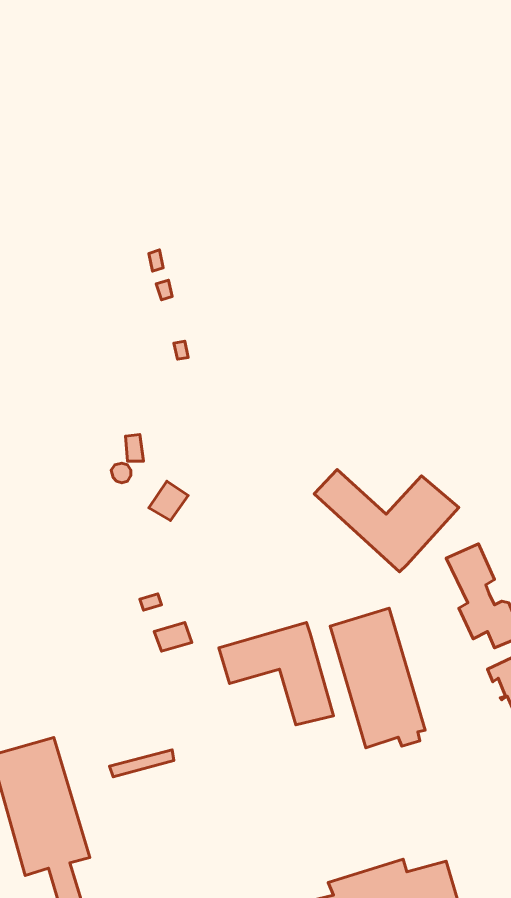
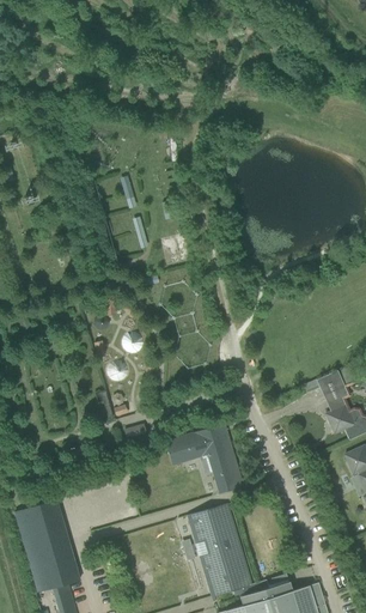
building: [314,469,459,572] -> none
building: [330,608,425,748] -> [187,504,250,597]

